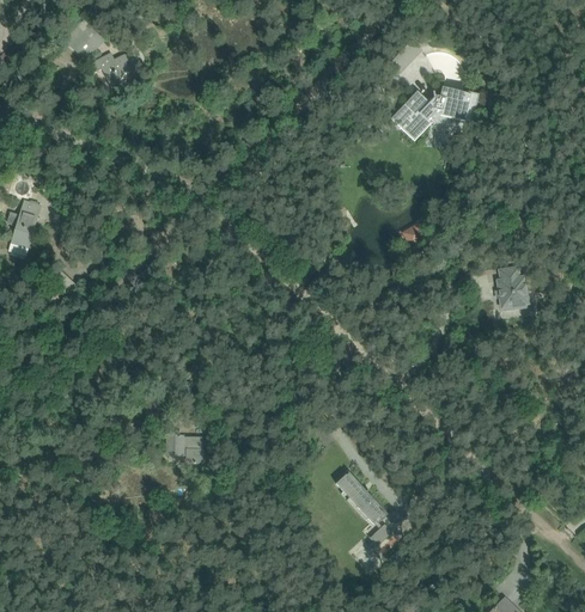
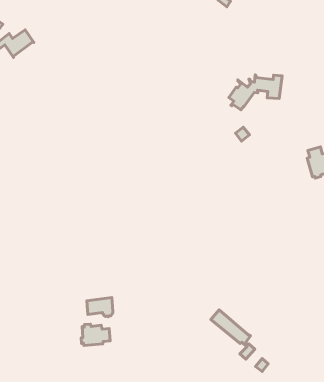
building: [401,87,479,133] -> [229,75,282,110]
building: none -> [81,324,110,345]

